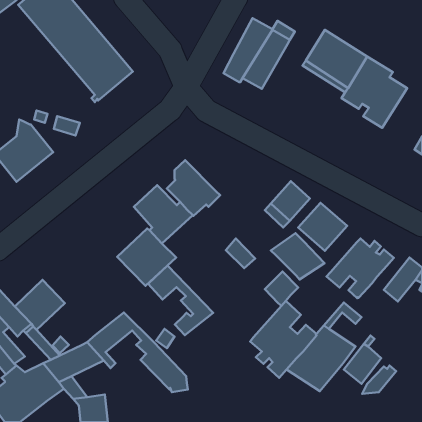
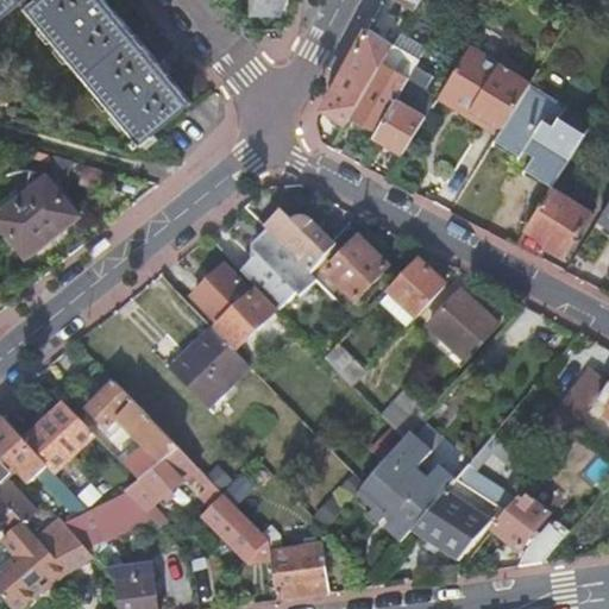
building: none -> [372,63,429,150]
building: none -> [521,184,586,251]
building: none -> [263,211,338,274]
building: none -> [325,238,387,301]
building: [271,233,325,279] -> none
building: [326,238,394,298] -> none
building: [148,266,213,335] -> [84,379,177,479]
building: none -> [268,541,327,598]

